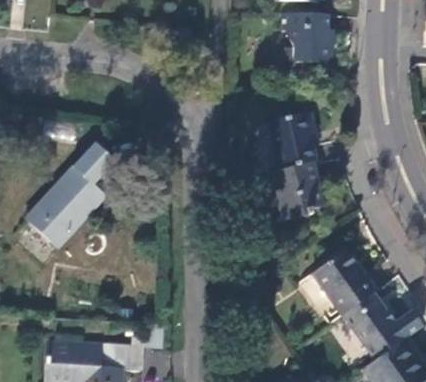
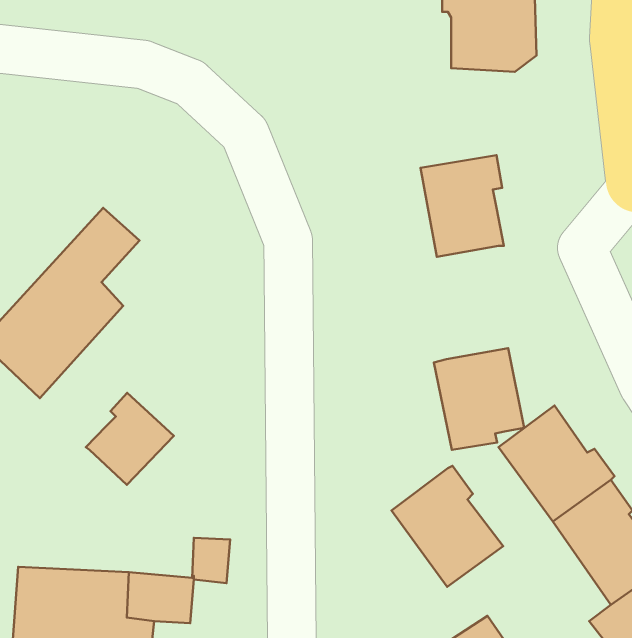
building: [272,163,322,219] -> [434,348,524,450]
building: none -> [86,393,174,485]
building: none -> [391,466,503,587]

